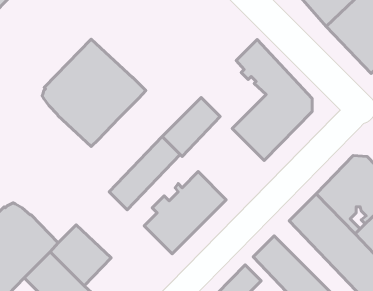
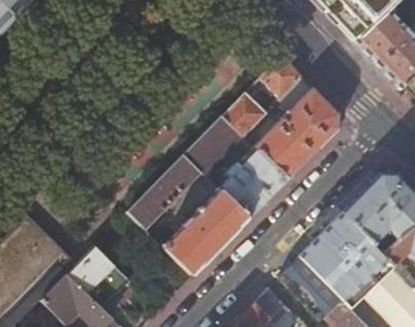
building: [42,39,146,147] -> none
building: none -> [224,92,268,140]
building: none -> [218,148,289,219]

